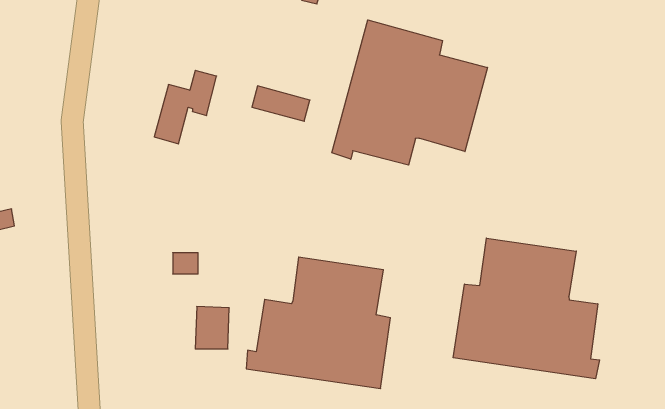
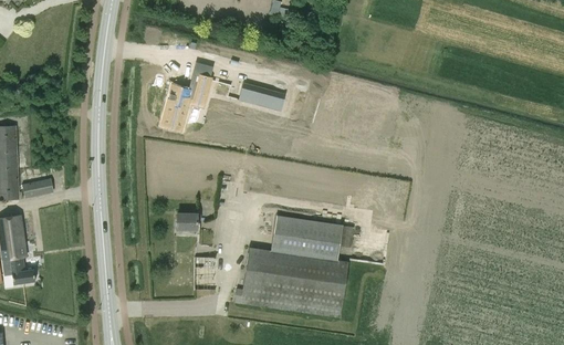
building: [332,20,487,165] -> none
building: [453,238,600,379] -> none

